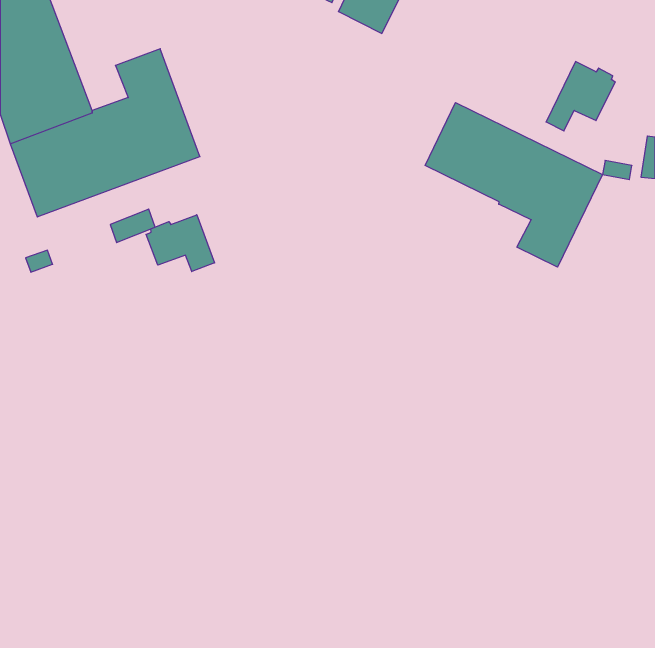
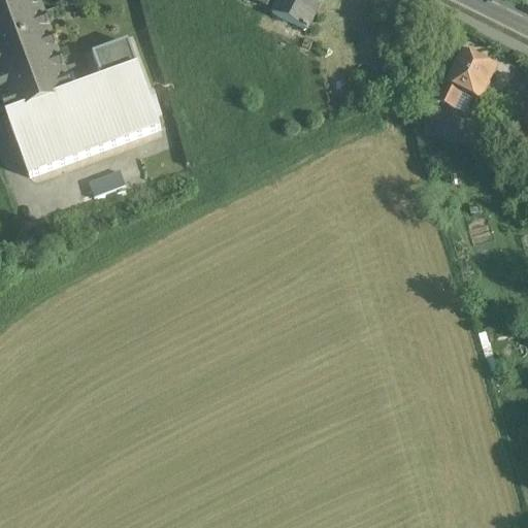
building: [425,103,602,267] -> none
building: [146,215,215,272] -> none

